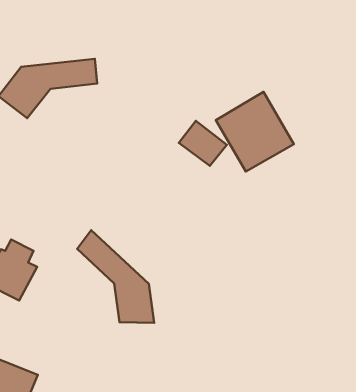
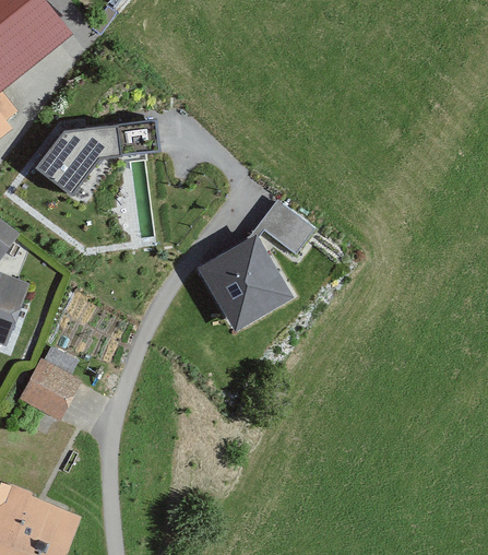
building: [216,92,294,172] -> [198,233,294,331]
building: [77,230,154,323] -> none

